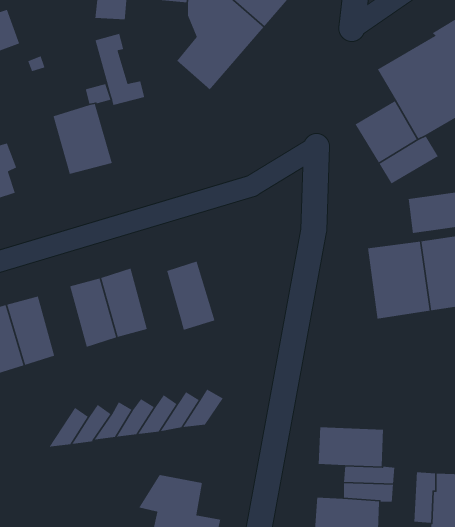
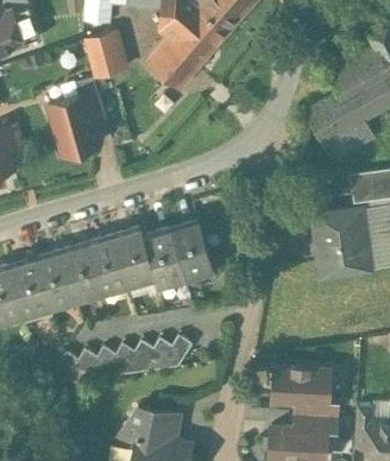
building: none -> [170,219,213,278]
building: none -> [114,226,156,285]
building: none -> [36,248,76,308]

